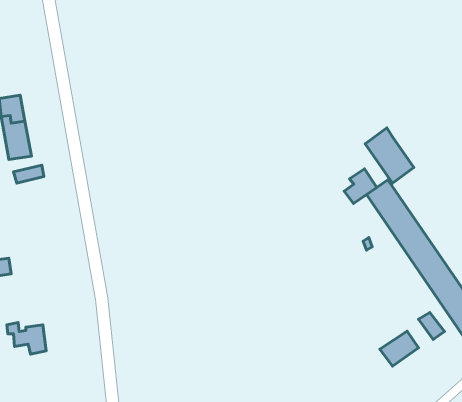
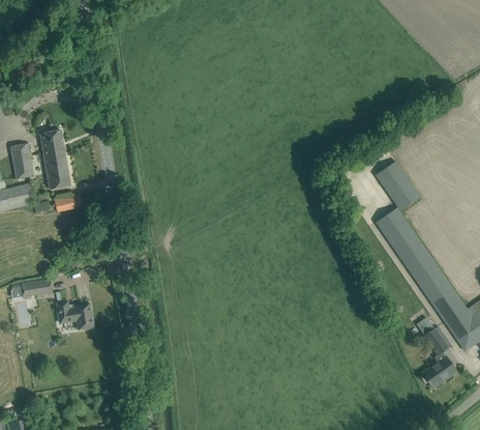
building: [344,169,377,204] -> none
building: [7,323,46,354] -> [57,300,93,329]
building: [380,331,418,366] -> [421,355,456,388]

